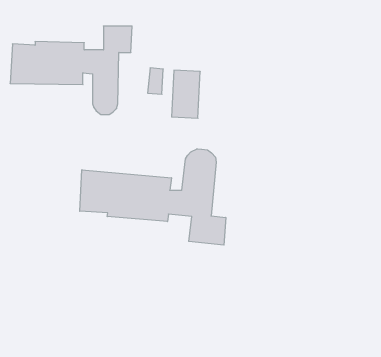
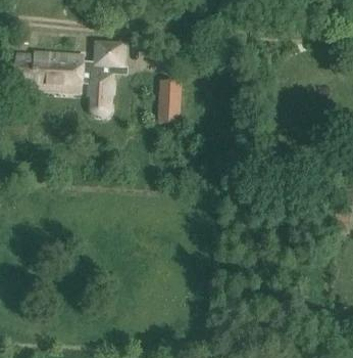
building: [80,149,226,245] -> none

